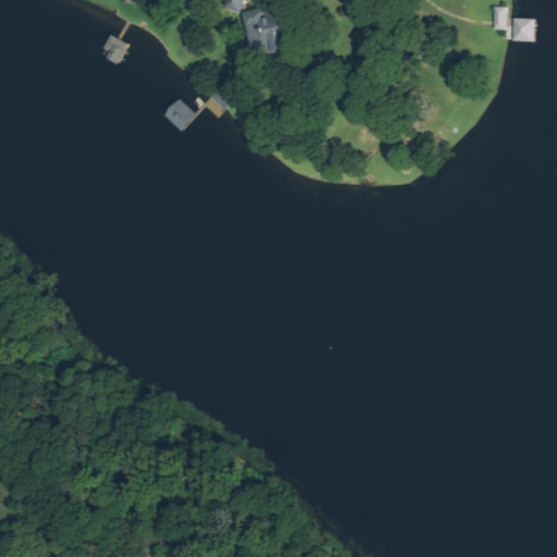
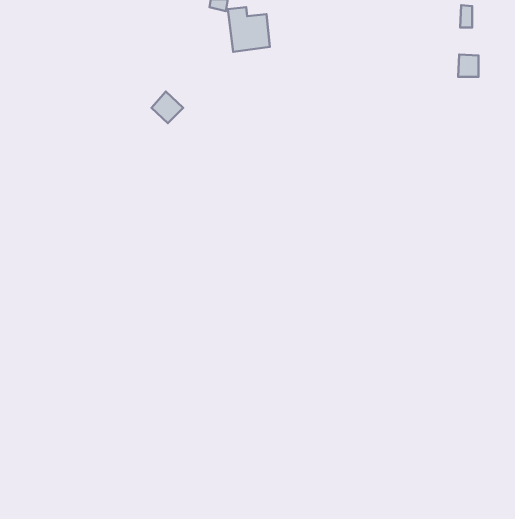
building: [511,17,533,41] -> [458,55,479,77]

